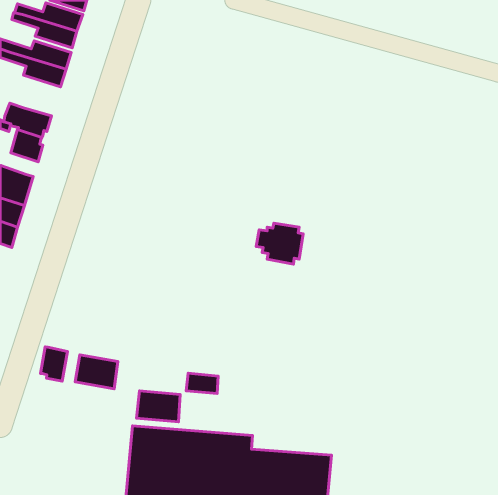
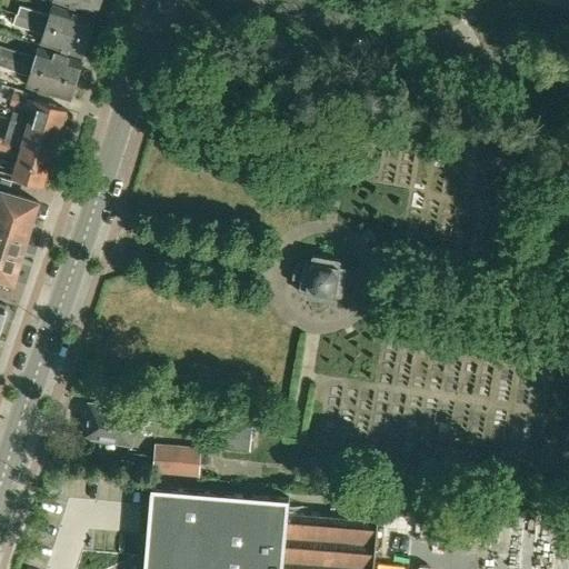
building: none -> [11,96,67,136]
building: [40,347,68,381] -> none

